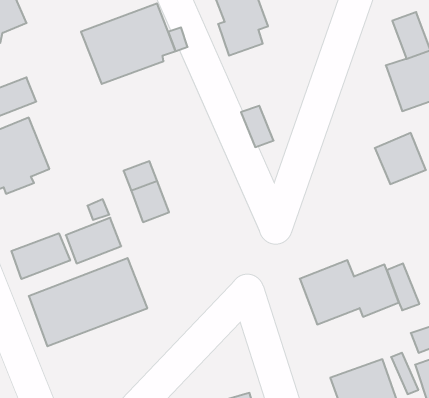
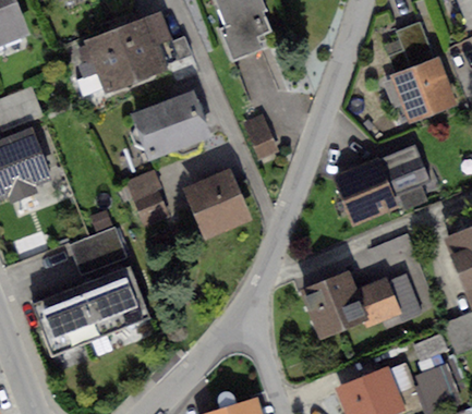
building: none -> [132,90,210,160]
building: none -> [332,158,398,223]
building: none -> [183,169,251,240]
building: [11,233,70,279] -> none

